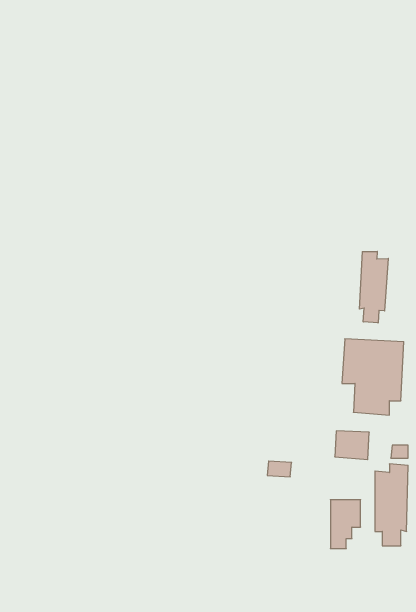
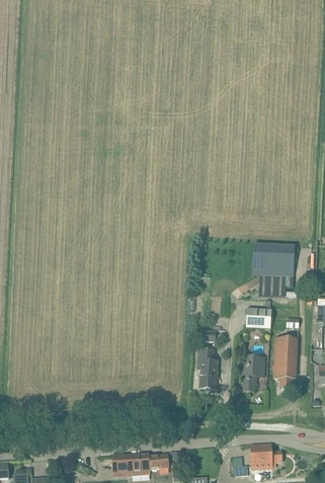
building: [360,251,388,323] -> none
building: none -> [198,346,218,390]

